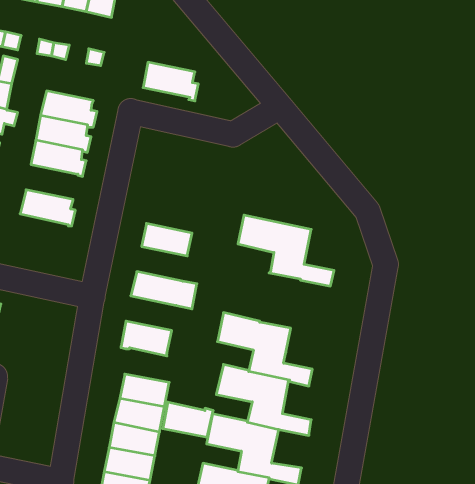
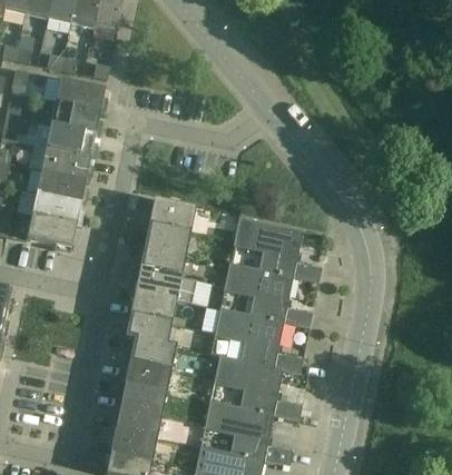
building: [143,62,198,101] -> [55,78,106,113]
building: none -> [36,169,87,204]
building: none -> [147,200,195,232]
building: none -> [26,215,75,248]
building: none -> [138,245,185,277]
building: none -> [223,260,311,326]
building: none -> [128,290,175,323]
building: [163,402,213,437] -> [127,338,174,370]

